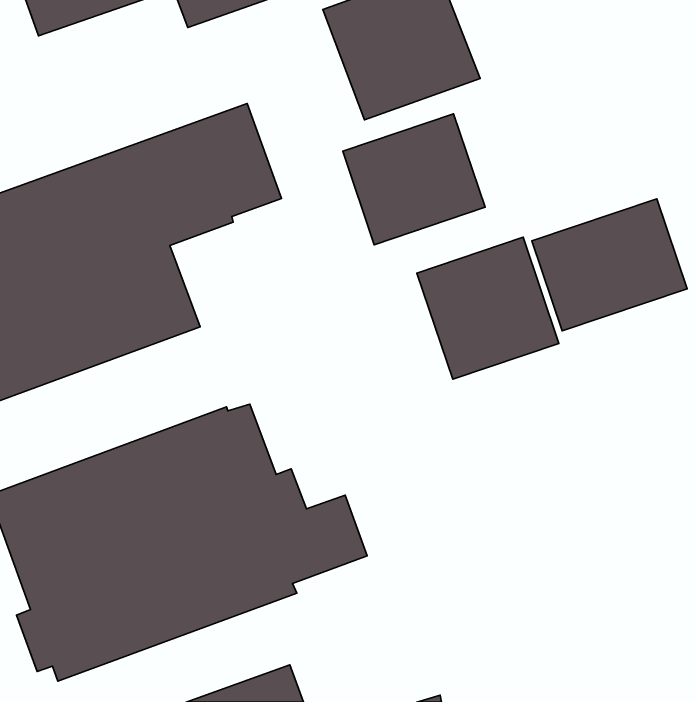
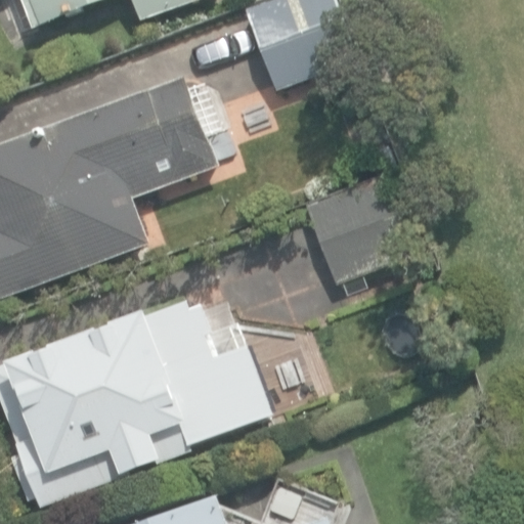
building: [343,114,485,245] -> none
building: [532,199,687,331] -> none

